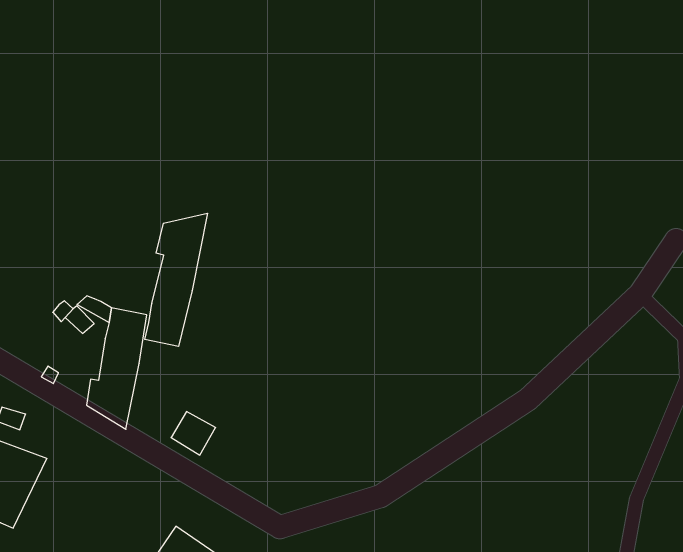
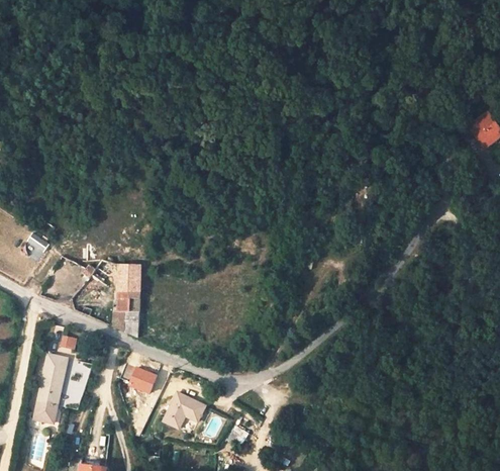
building: [145,213,208,346] -> none
building: [171,412,216,455] -> [128,367,155,392]

